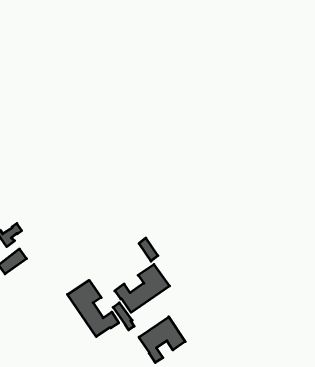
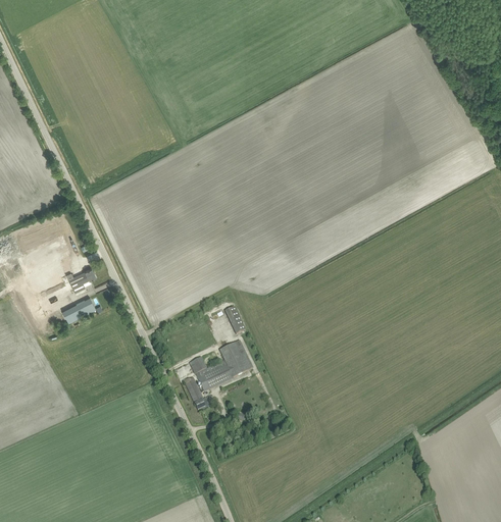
building: [67,280,119,337] -> none
building: [139,317,185,363] -> none

